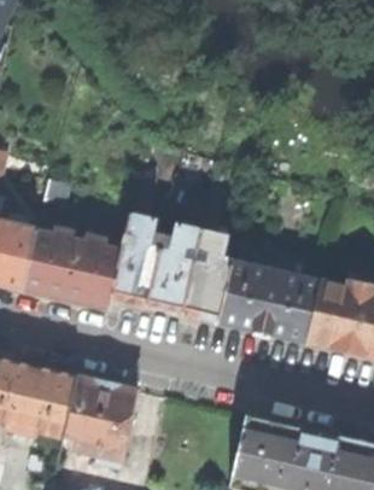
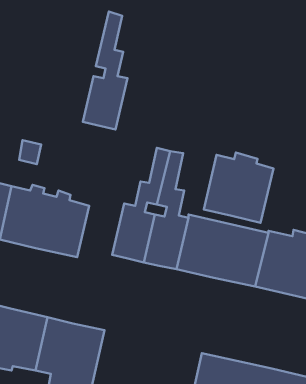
building: [110,175,159,305] -> [83,12,127,130]
building: none -> [204,153,274,223]

